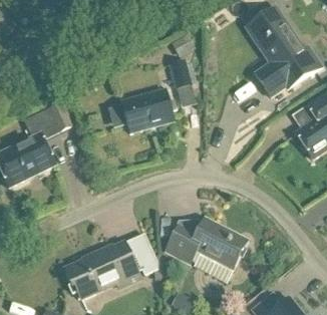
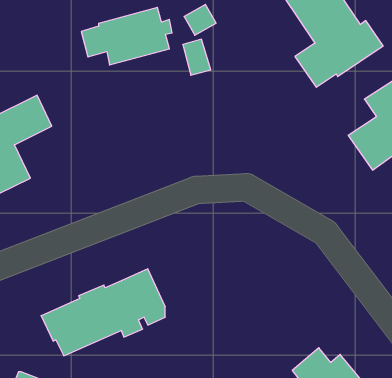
building: [107,89,176,132] -> [81,7,172,65]
building: [165,218,248,270] -> none

